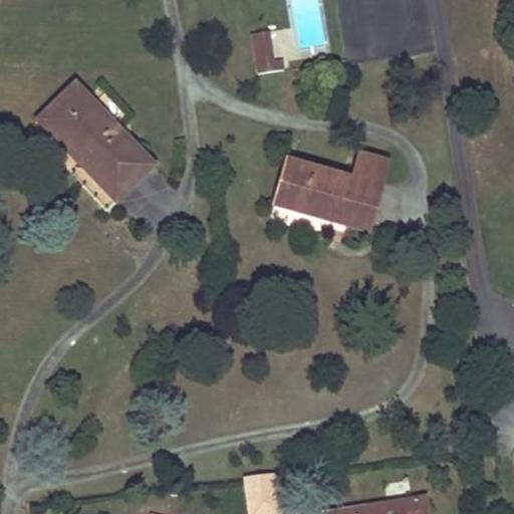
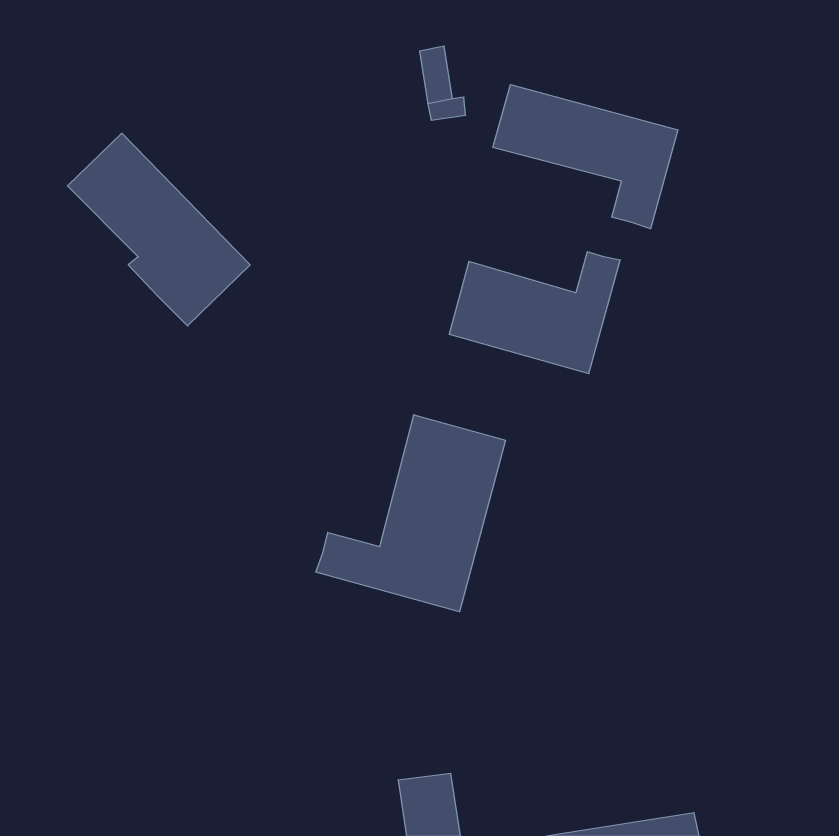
building: none -> [493,85,678,229]
building: none -> [316,415,505,612]

